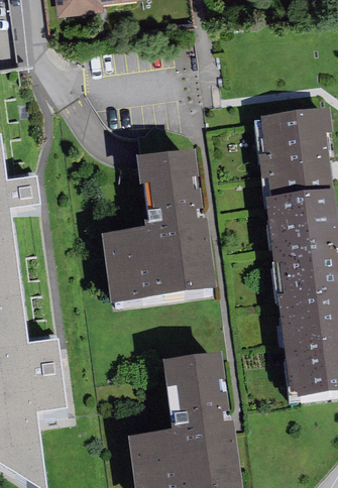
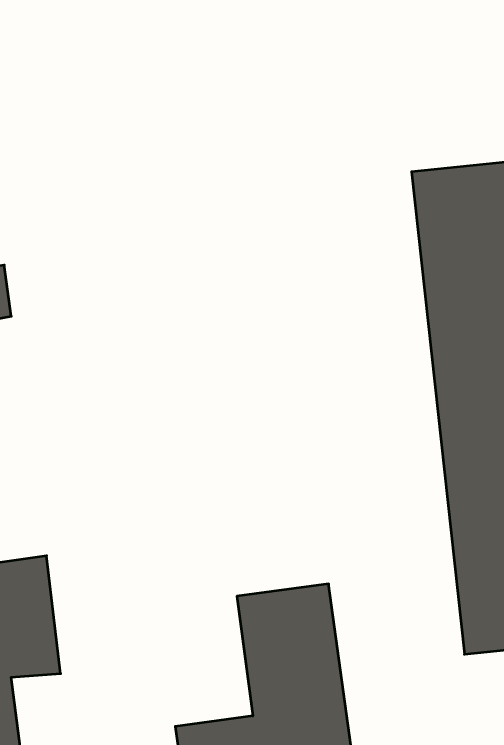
building: [102,153,207,296] -> none

